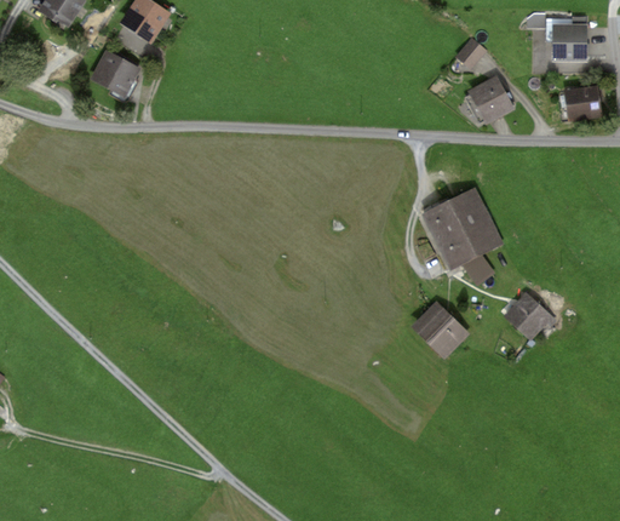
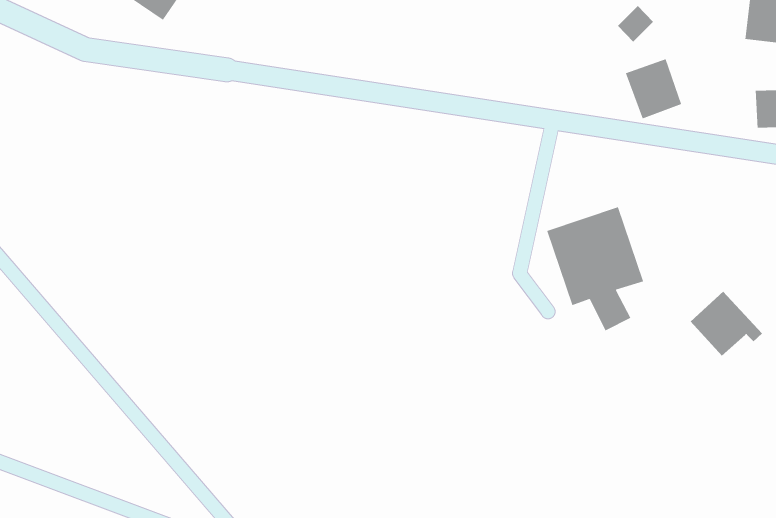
building: [503,290,557,338] -> [690,291,763,357]
building: [412,299,469,357] -> none

